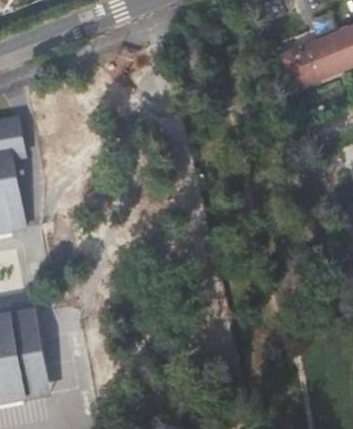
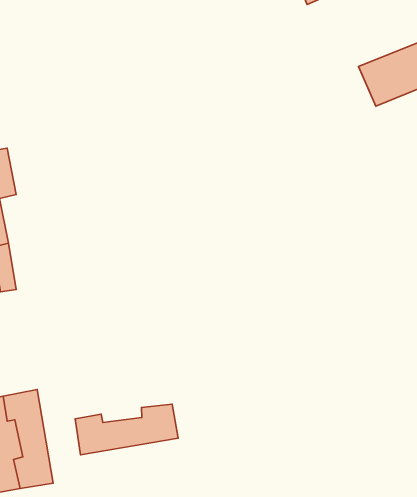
building: none -> [75,404,178,455]

